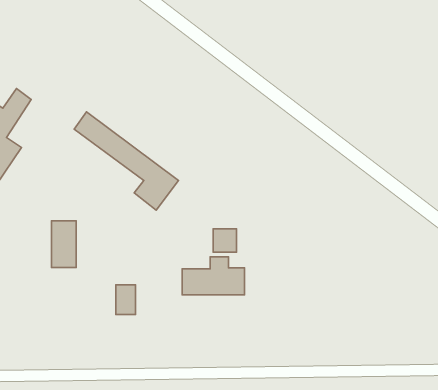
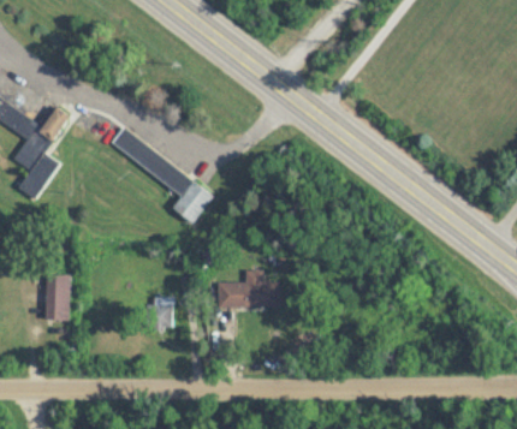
building: [52,221,76,267] -> [46,275,70,321]
building: [213,229,236,252] -> none

